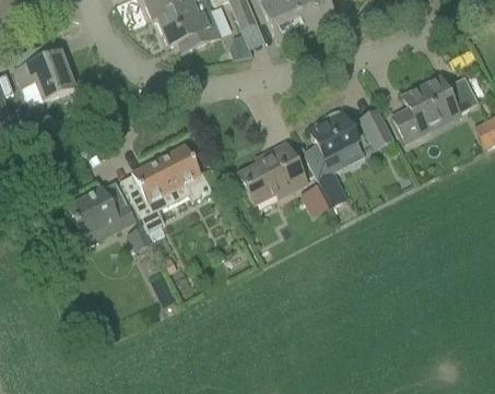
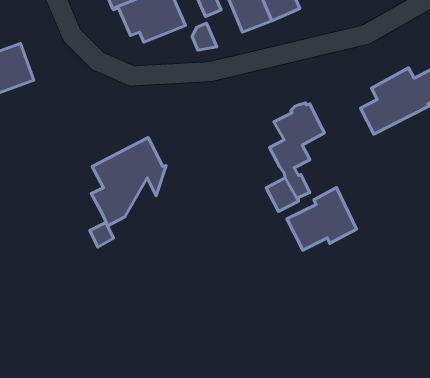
building: [360,108,392,147] -> none
building: [238,141,306,202] -> [287,188,357,250]
building: [58,186,135,244] -> none

